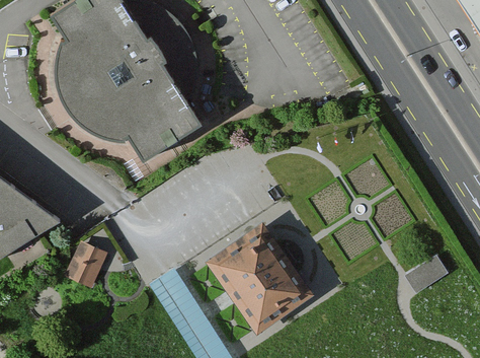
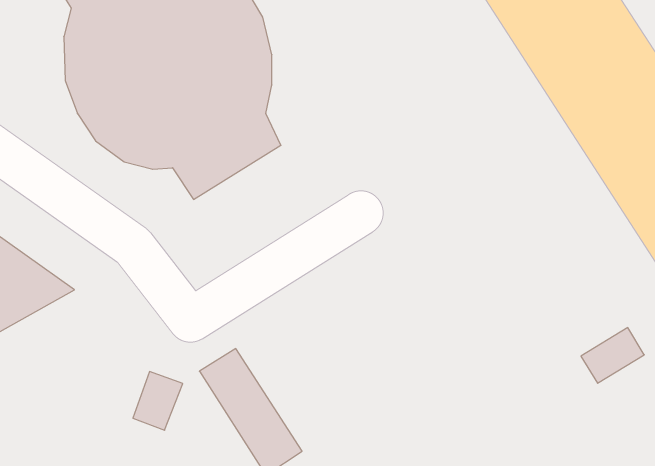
building: [205,225,315,339] -> none
building: [67,244,100,284] -> [133,372,183,430]

